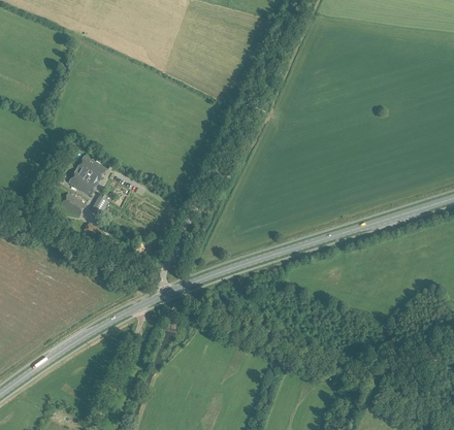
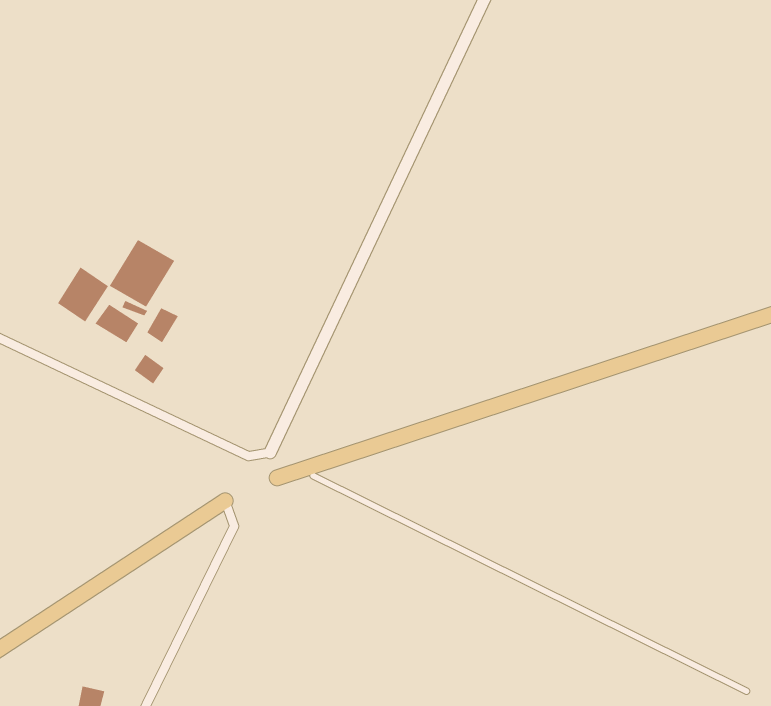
building: none -> [57,267,109,323]

